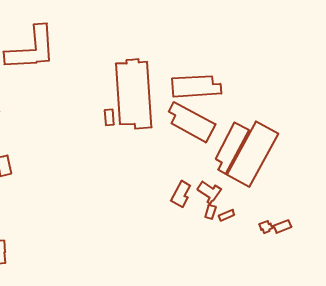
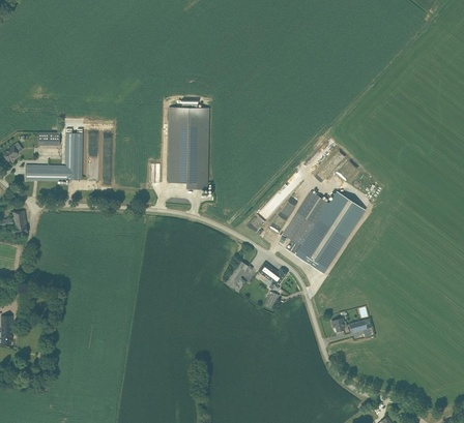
building: [3,23,49,64] -> [26,132,83,180]
building: [172,76,221,97] -> none
building: [169,102,216,143] -> none

